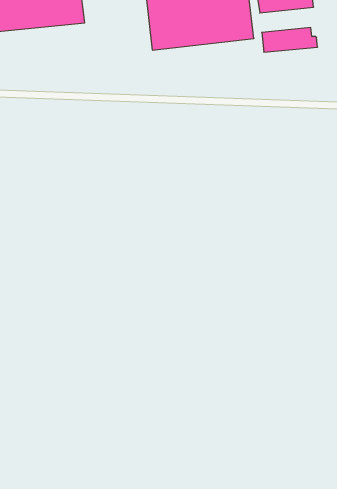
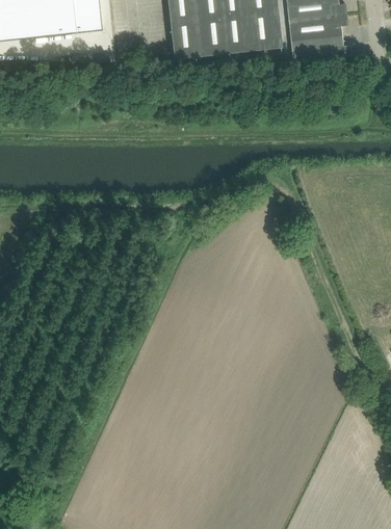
building: none -> [289,12,347,39]

